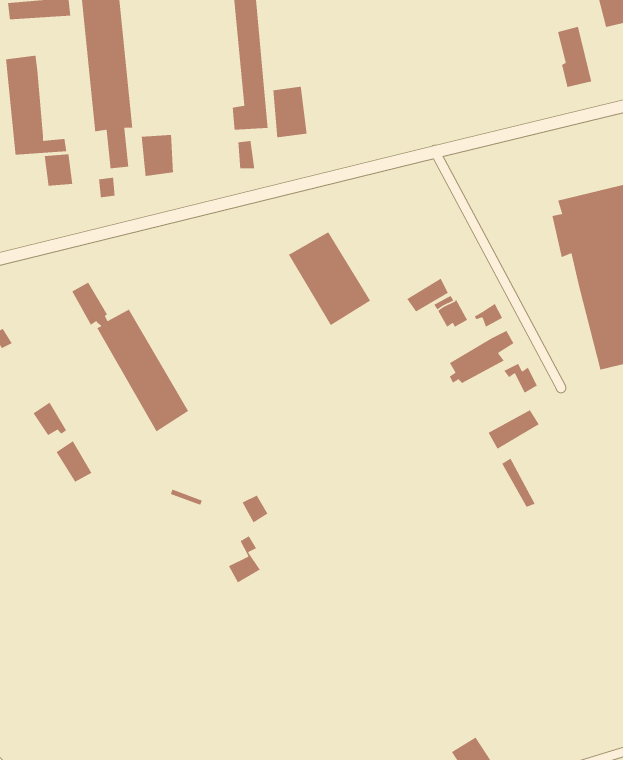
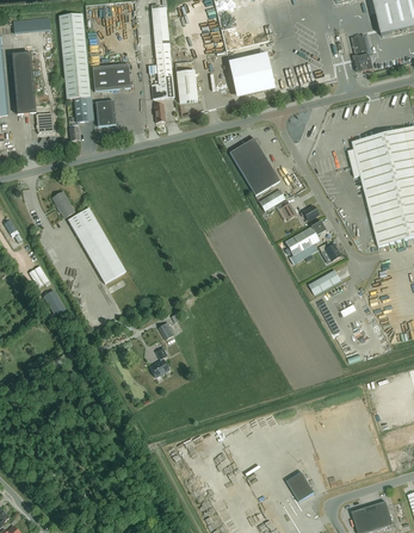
building: none -> [224,51,271,97]
building: none -> [92,63,131,91]
building: [288,231,371,326] -> [229,137,280,196]

